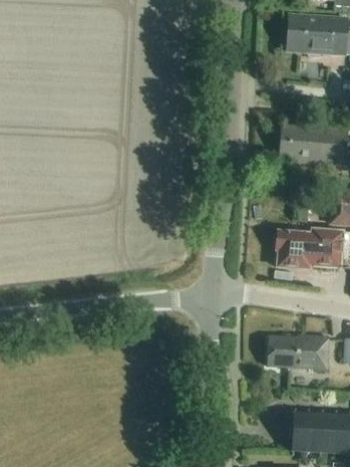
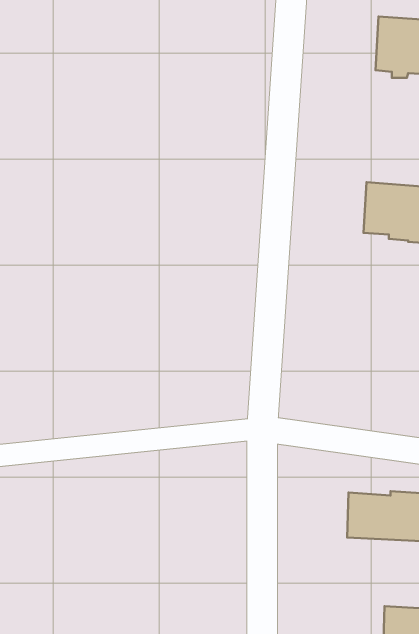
building: [274,231,312,268] -> none

